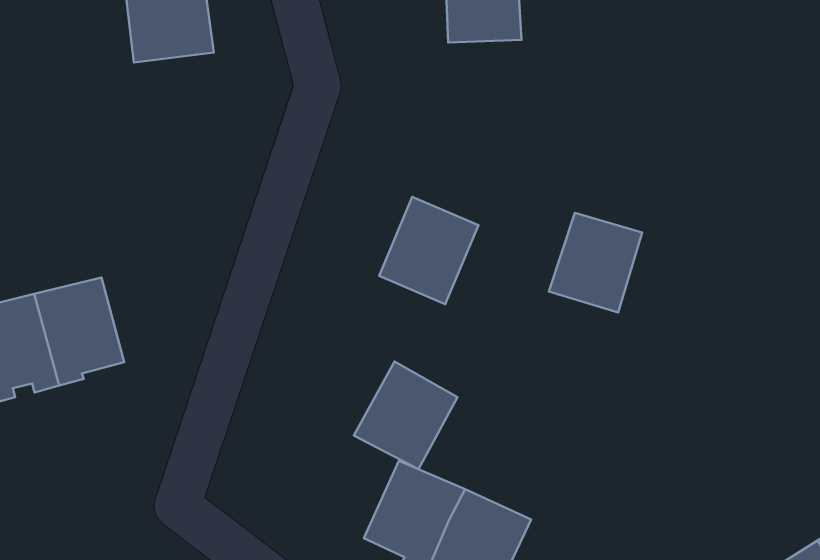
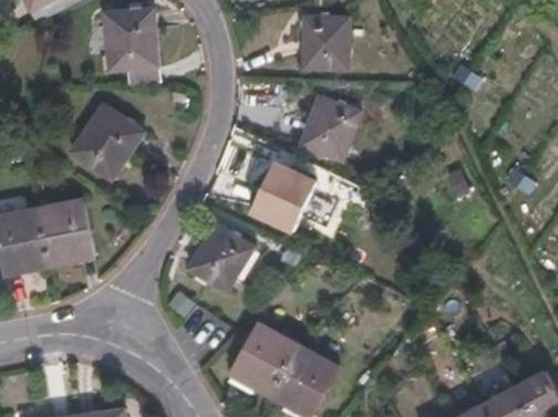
building: none -> [71,105,143,178]
building: [549,213,642,313] -> [299,96,359,159]
building: [354,361,457,469] -> [186,223,251,291]

